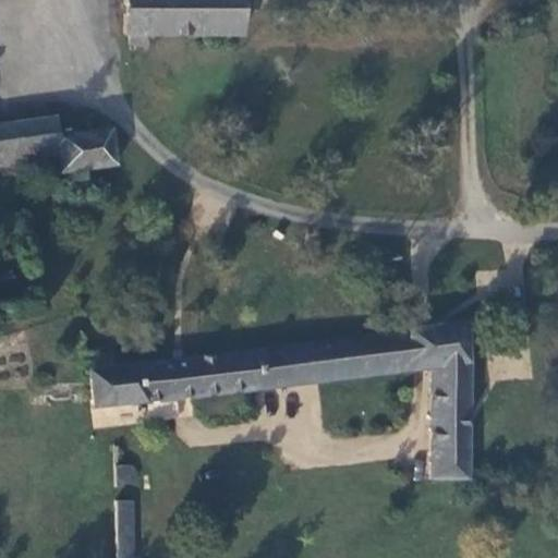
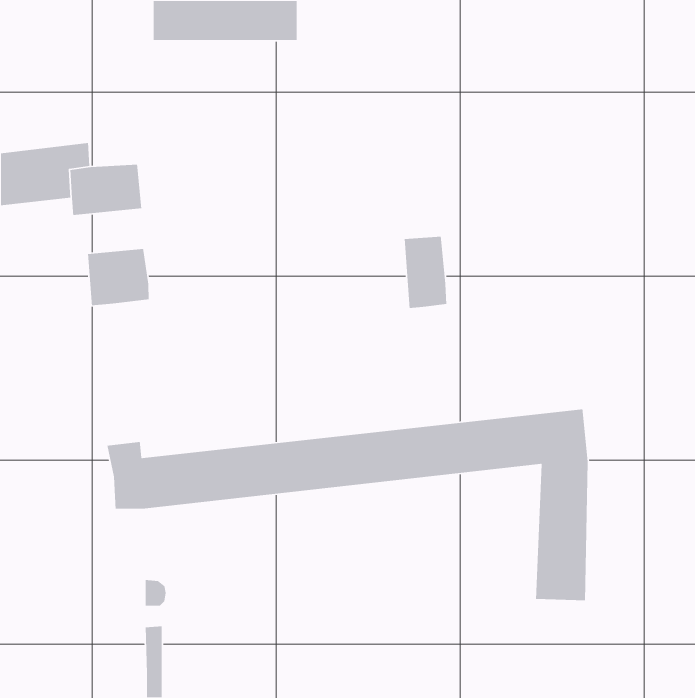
building: none -> [404,236,447,309]
building: none -> [87,248,150,306]

